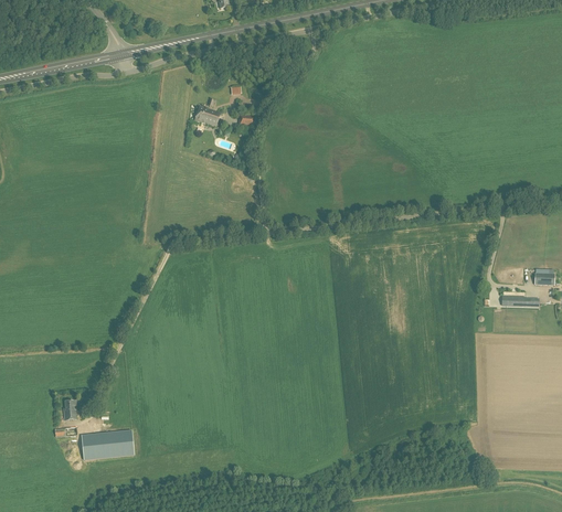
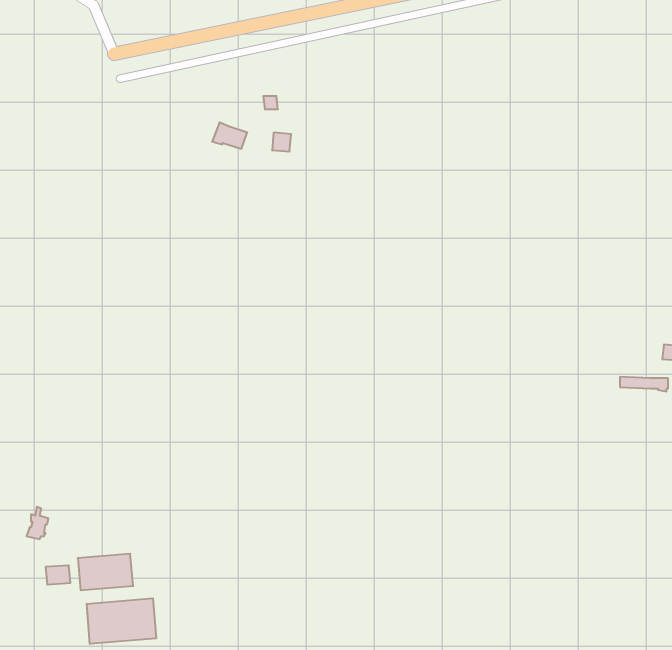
building: none -> [87,598,156,644]

